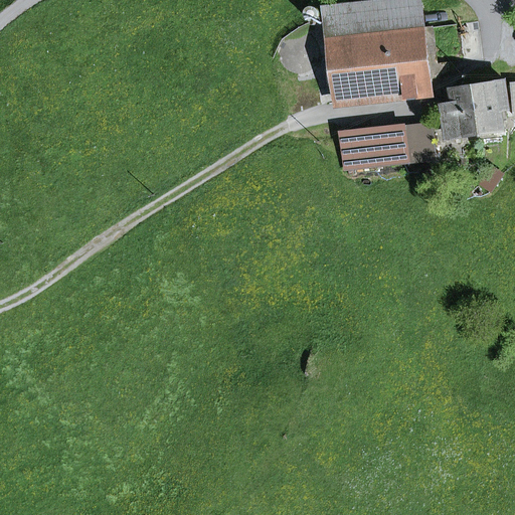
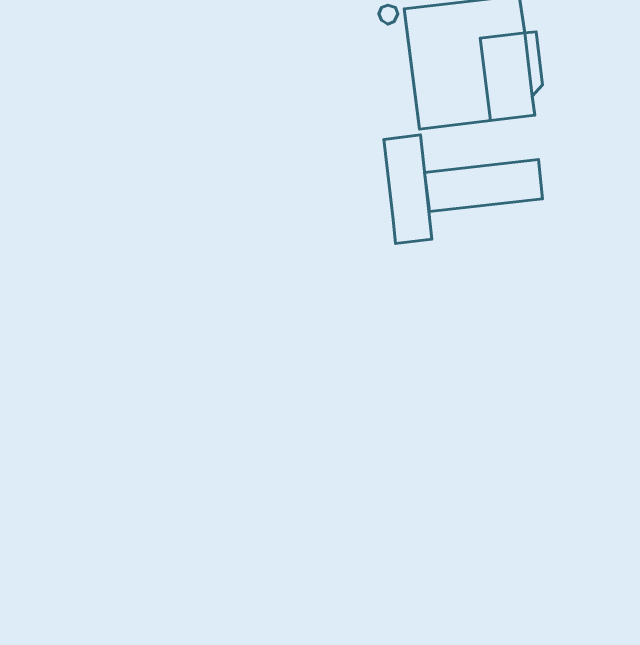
building: [439,80,503,136] -> none
building: none -> [384,135,432,244]

